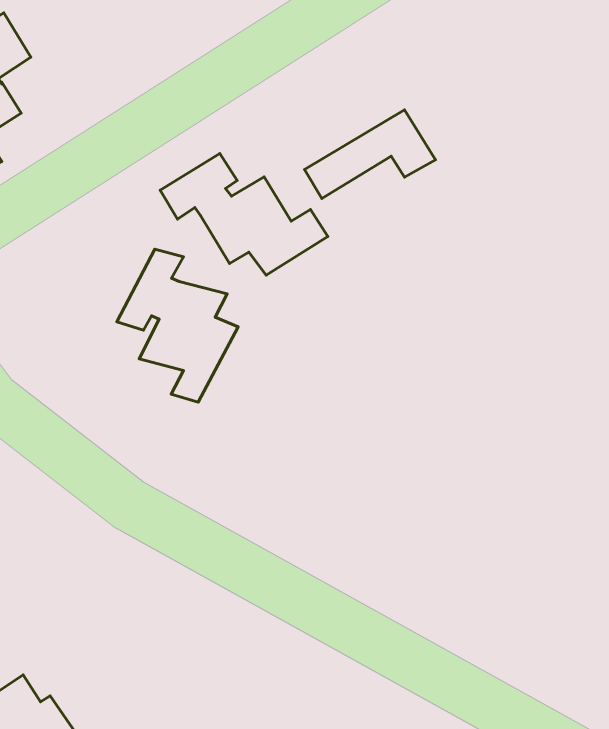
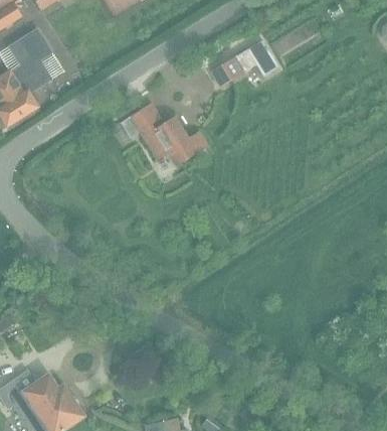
building: [304,110,435,199] -> [210,40,278,87]
building: [117,249,238,402] -> none

